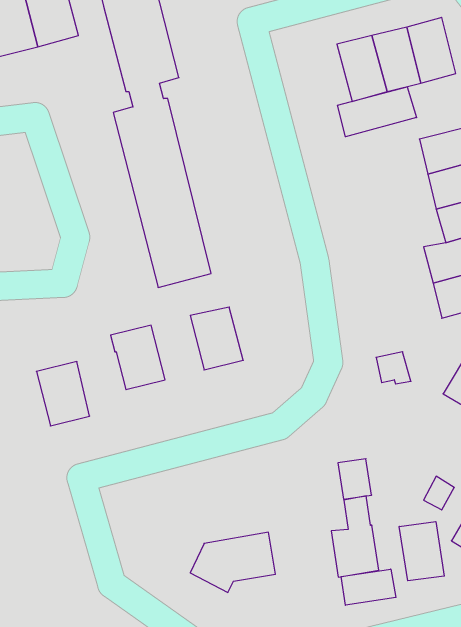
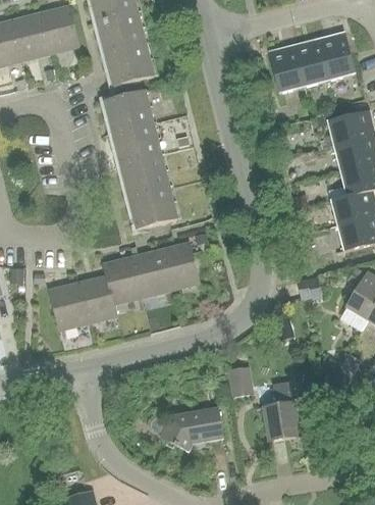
building: [337,87,417,137] -> none
building: none -> [132,249,171,296]
building: none -> [78,275,117,322]
building: [338,459,372,499] -> [228,366,253,396]
building: [399,522,444,581] -> none
building: [341,569,396,605] -> none

